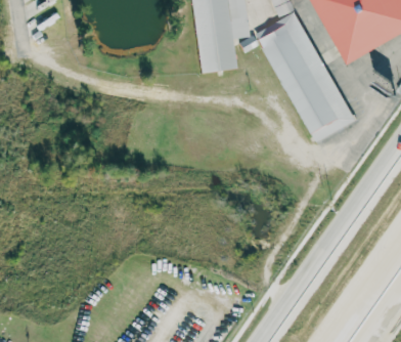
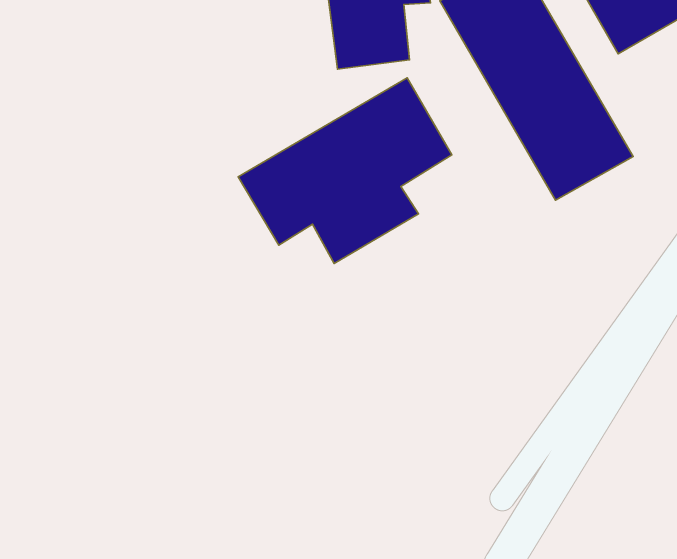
building: none -> [238,78,452,263]

